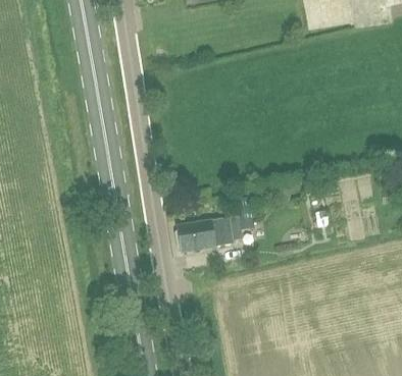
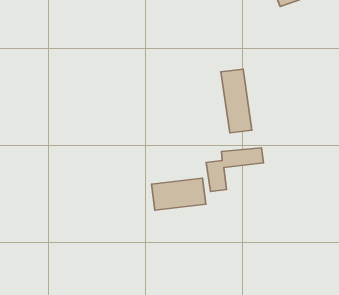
building: none -> [221,69,252,133]

